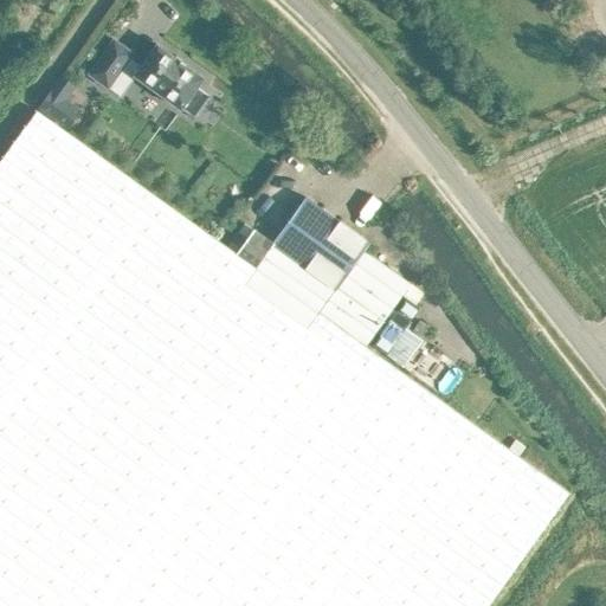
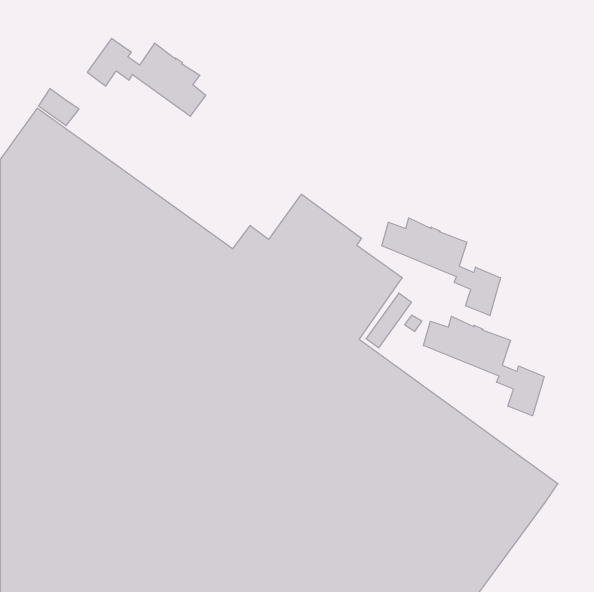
building: none -> [382,218,501,316]
building: none -> [423,316,544,416]

